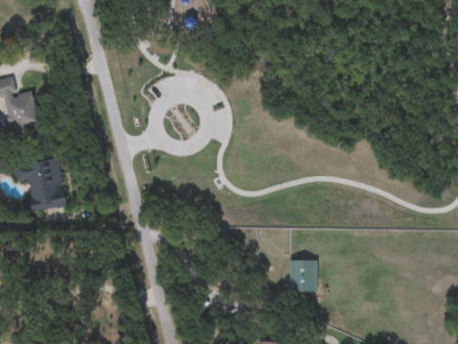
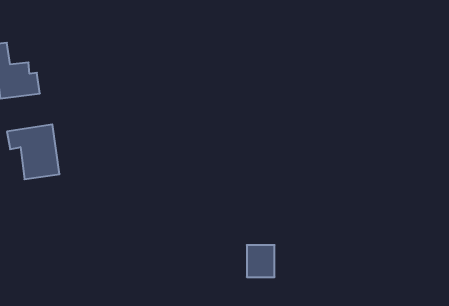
building: [289,259,317,291] -> [247,245,275,277]

